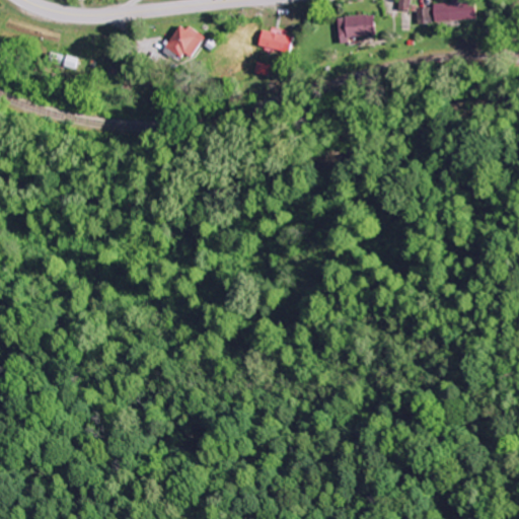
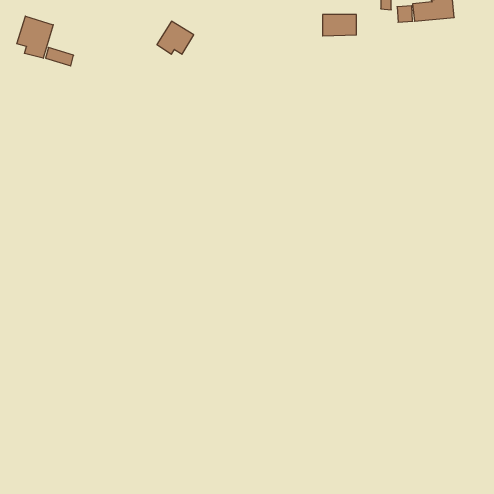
building: none -> [17,16,53,58]
building: [257,29,292,52] -> none

